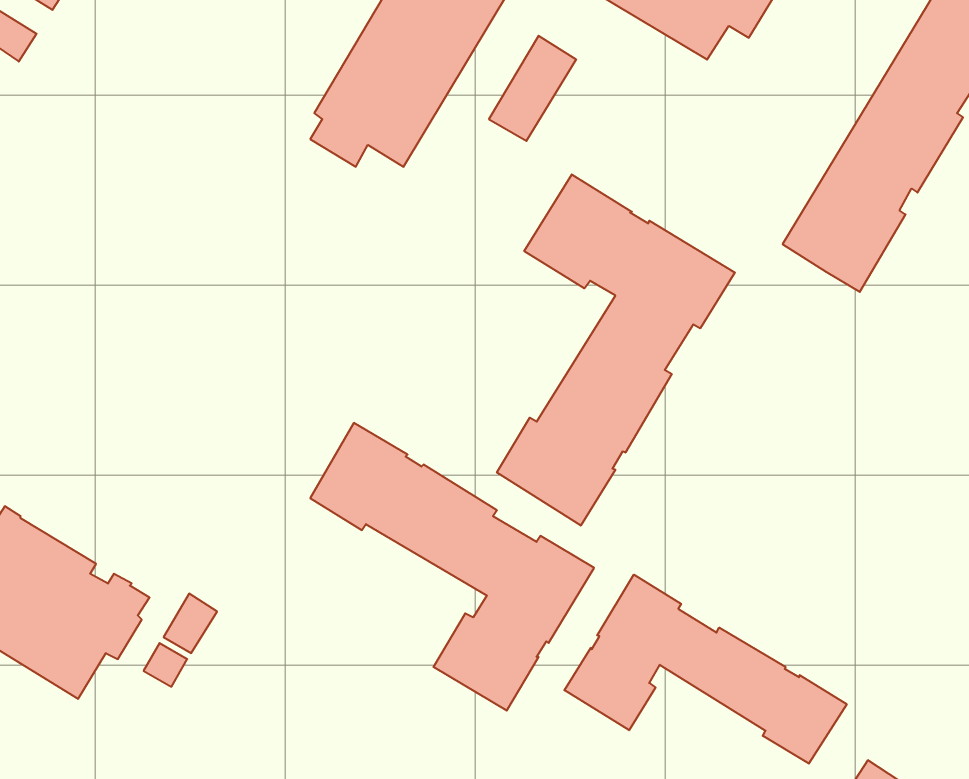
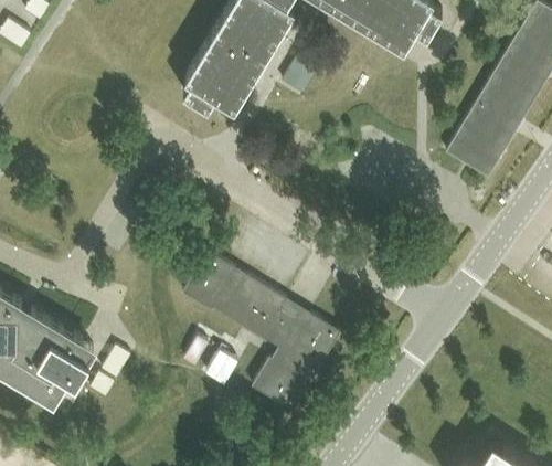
building: [497,174,735,526] -> none
building: [564,575,847,764] -> none

